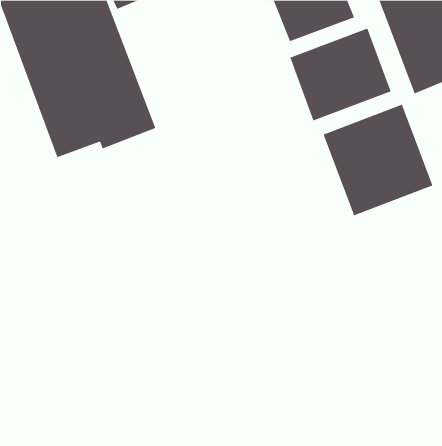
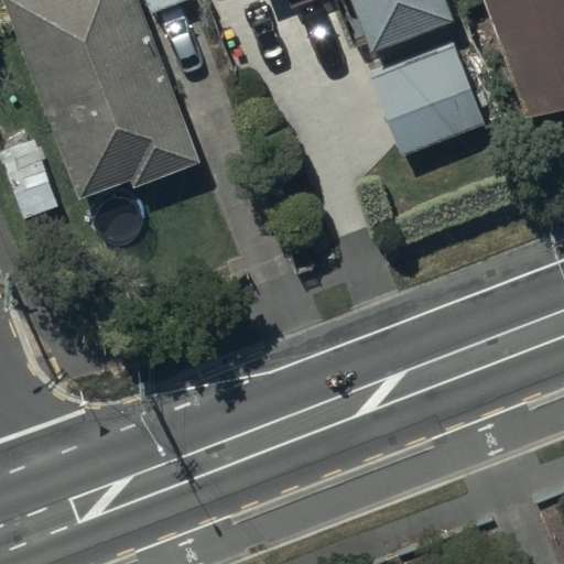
building: [323,104,433,216] -> none

